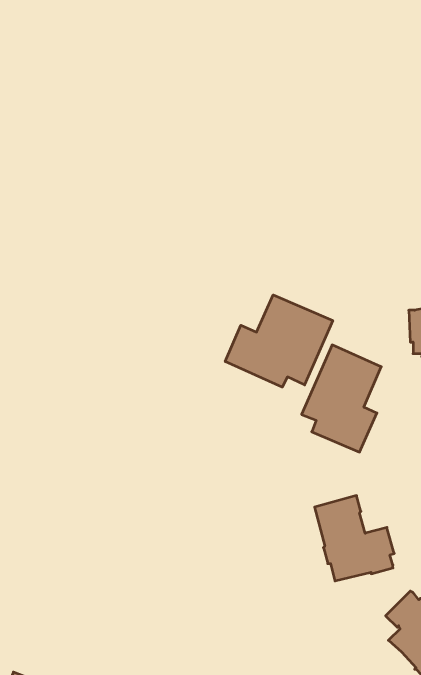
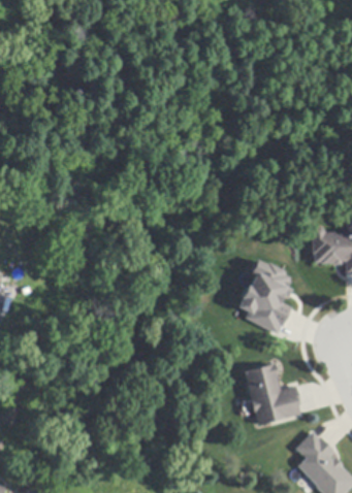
building: [225,295,333,387] -> none

